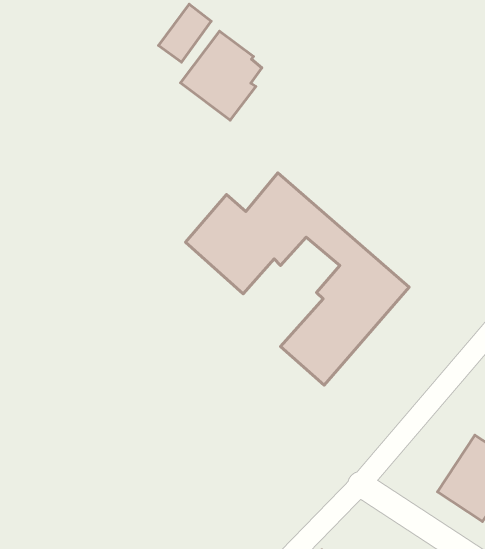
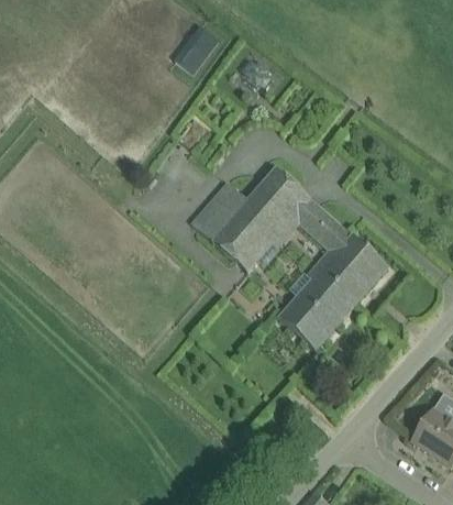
building: [180,31,262,120] -> none

